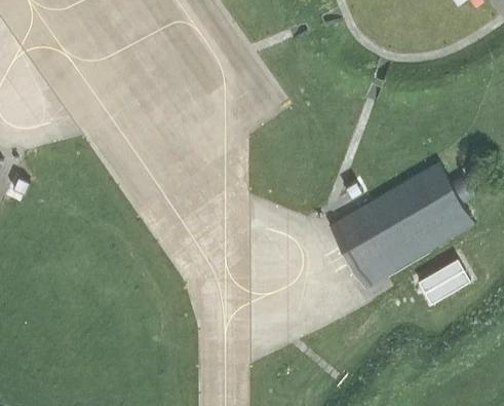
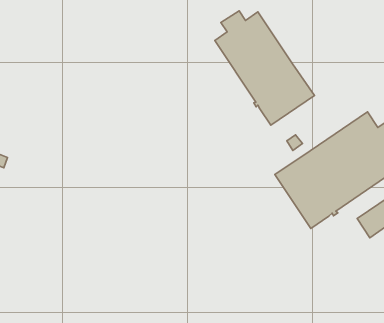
building: none -> [215,11,314,125]

